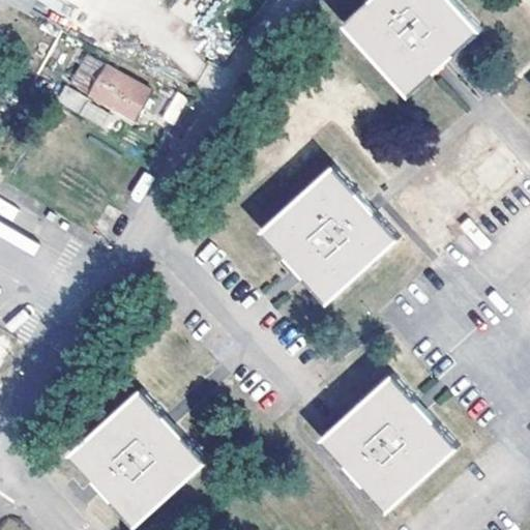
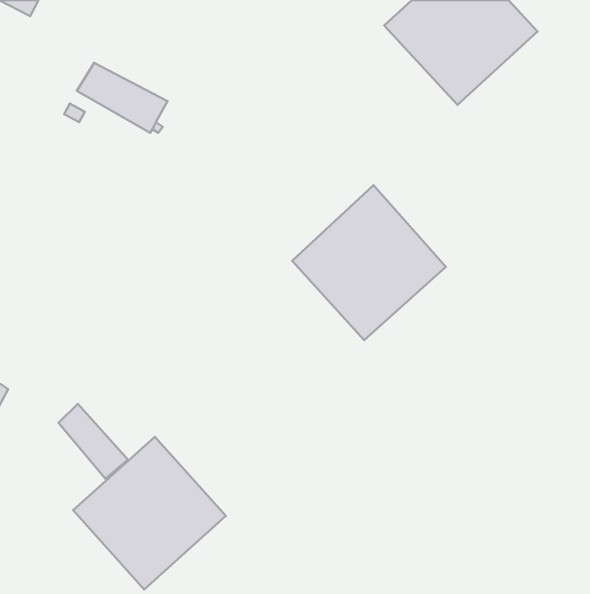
building: none -> [59,404,128,479]
building: [319,374,454,510] -> none

